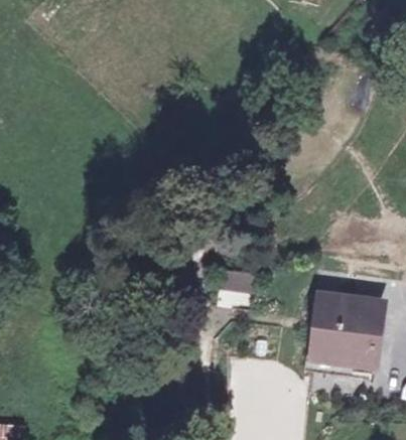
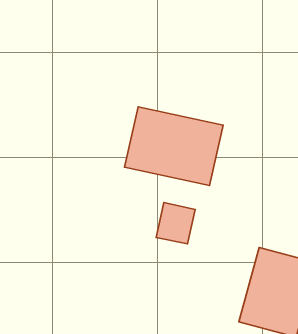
building: none -> [125,107,223,185]

